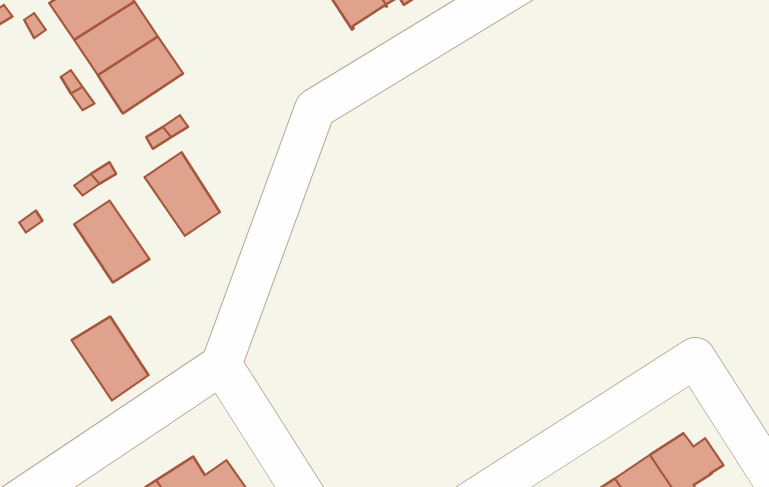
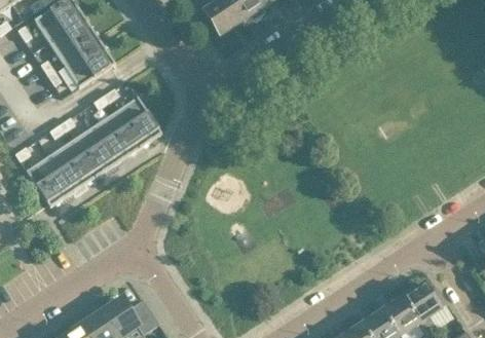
building: none -> [115,97,162,148]
building: none -> [71,126,117,177]
building: [72,317,149,400] -> [26,155,73,206]

